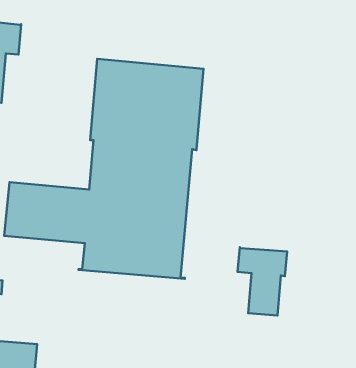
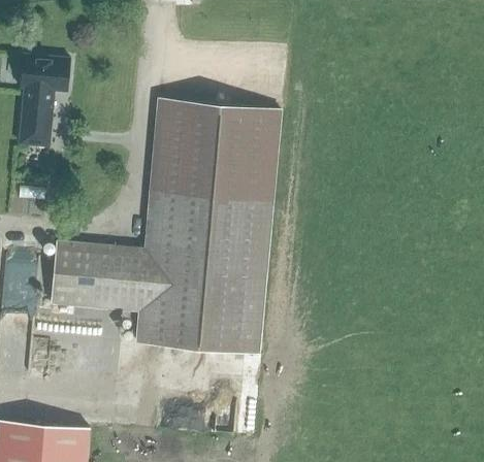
building: [238,247,287,316] -> none

